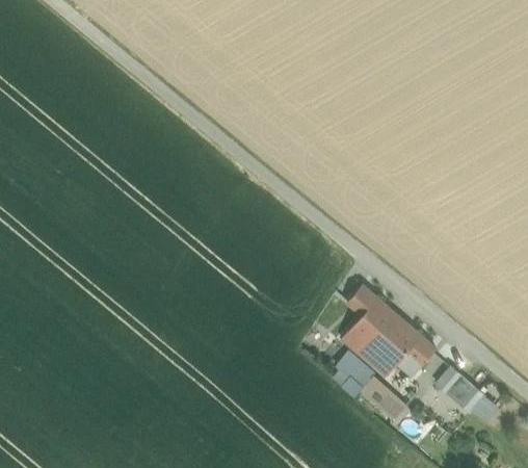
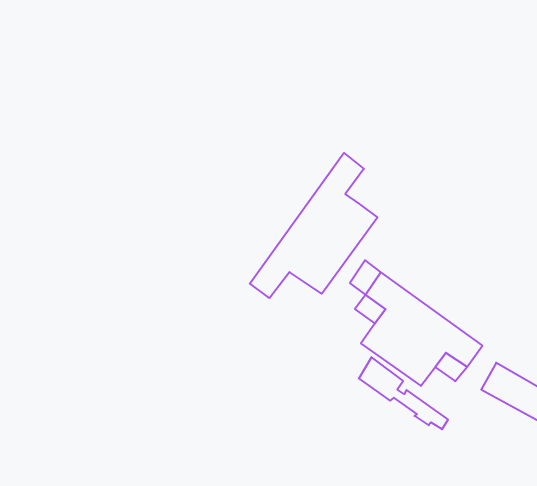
building: none -> [250,153,377,298]

